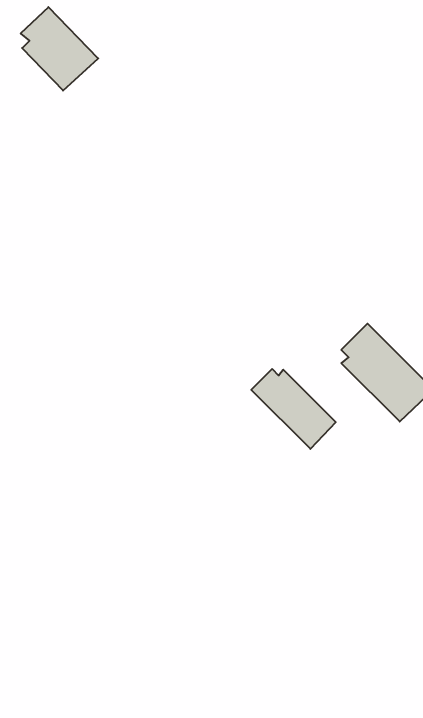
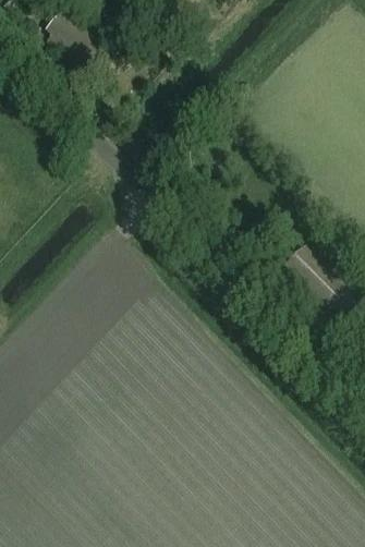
building: [251,369,336,449] -> none

